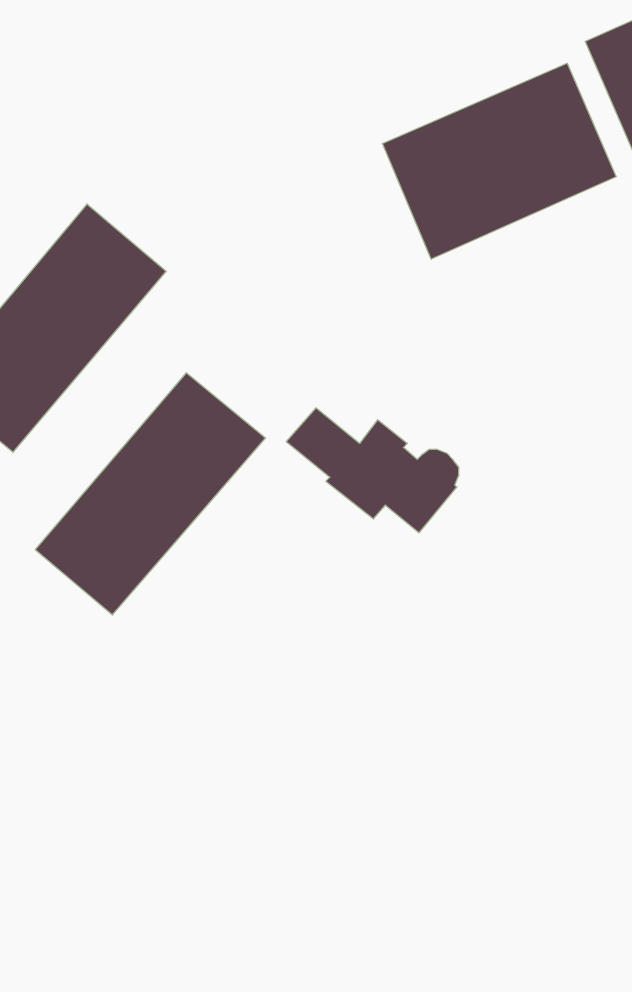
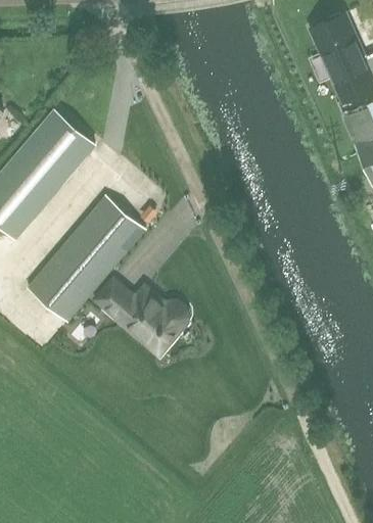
building: [383,63,616,259] -> none
building: [286,408,459,533] -> [96,282,185,346]

